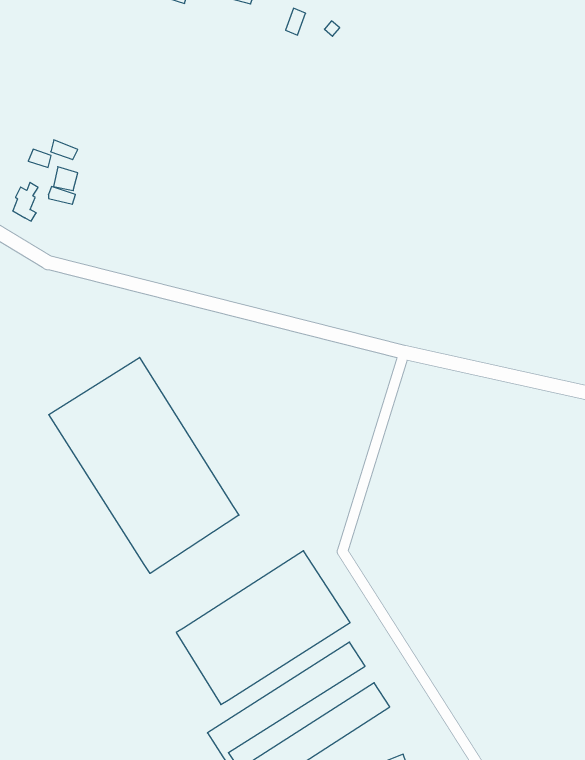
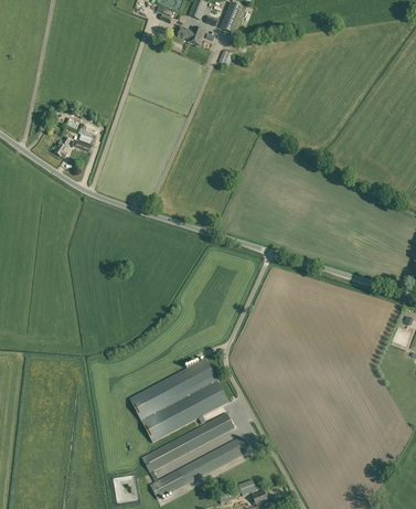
building: [49,357,239,573] -> none

